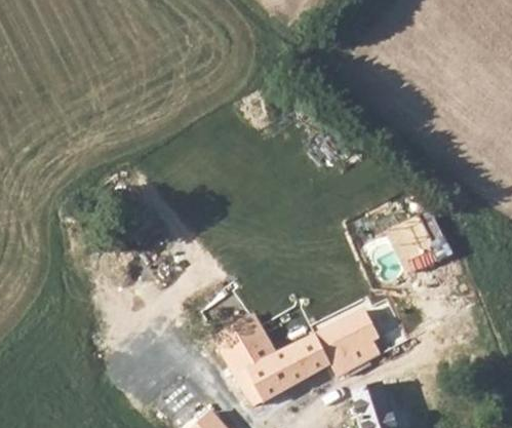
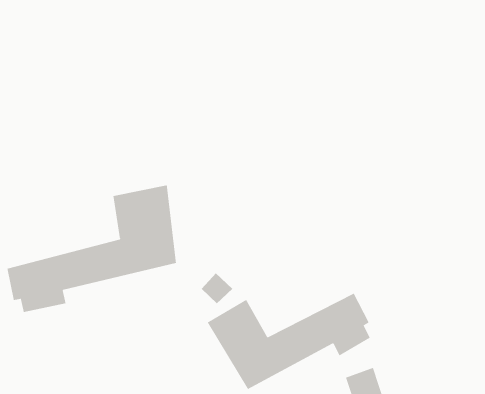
building: none -> [7,185,177,313]

